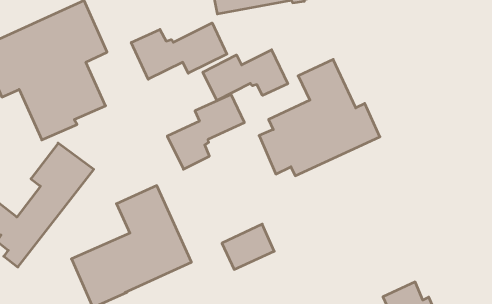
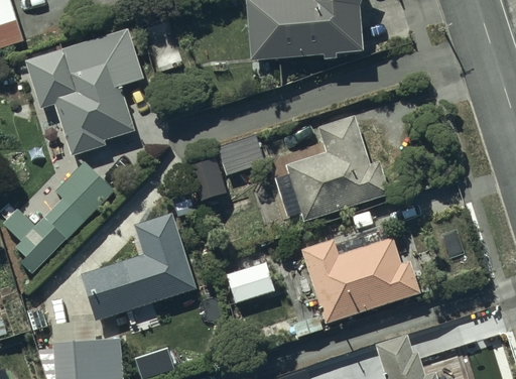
building: [131,23,227,79] -> none
building: [203,50,288,101] -> none
building: none -> [302,238,421,323]

